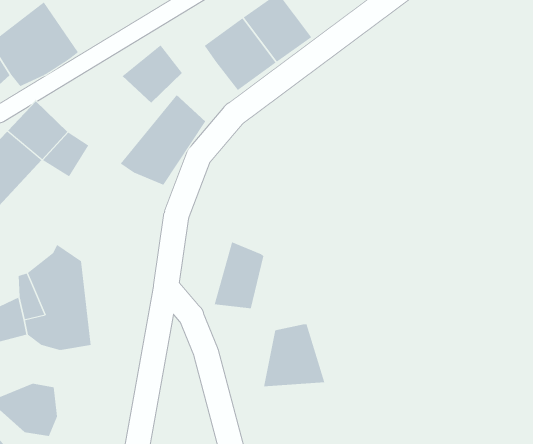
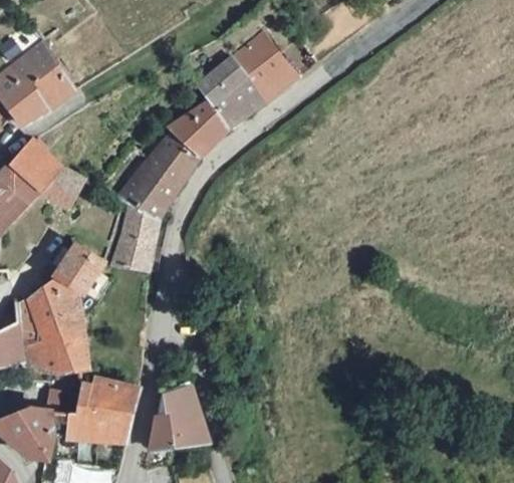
building: [122,45,183,103] -> [169,100,227,157]
building: none -> [54,244,104,293]
building: [214,242,264,309] -> [110,206,159,270]
building: [263,324,325,387] -> [150,388,209,448]
building: none -> [66,377,138,445]

